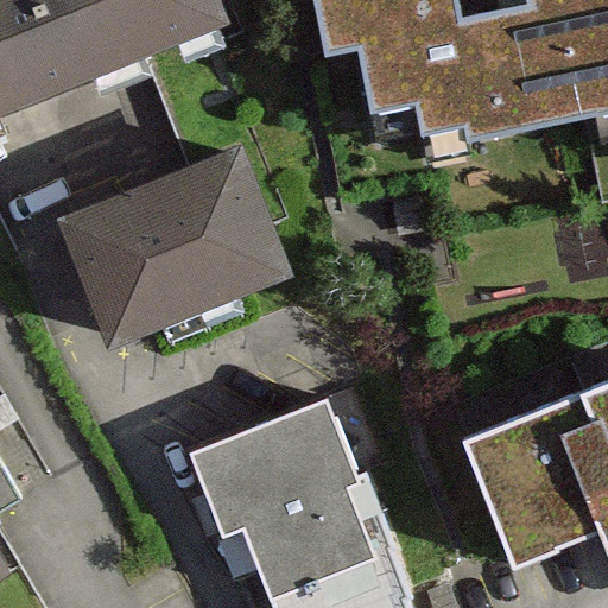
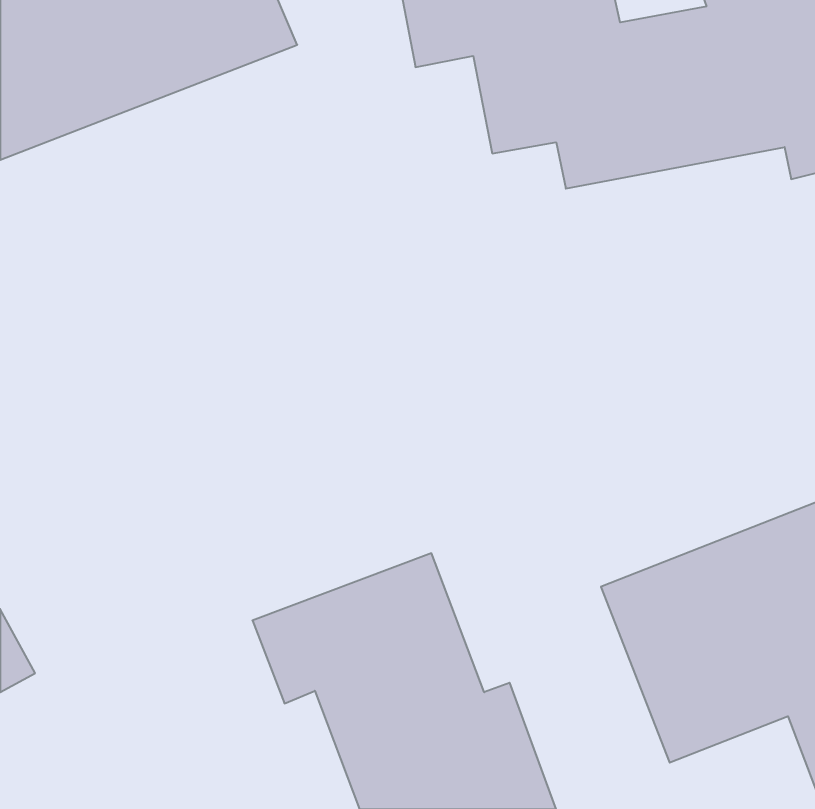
building: [61,142,297,349] -> none

